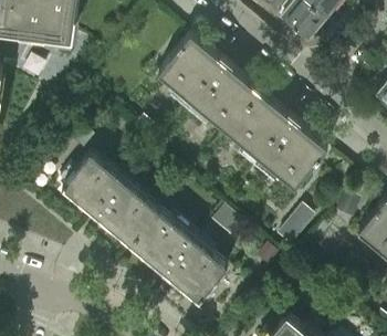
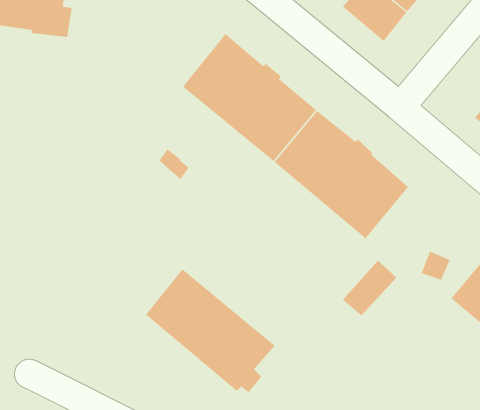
building: [57,154,156,244] -> none

